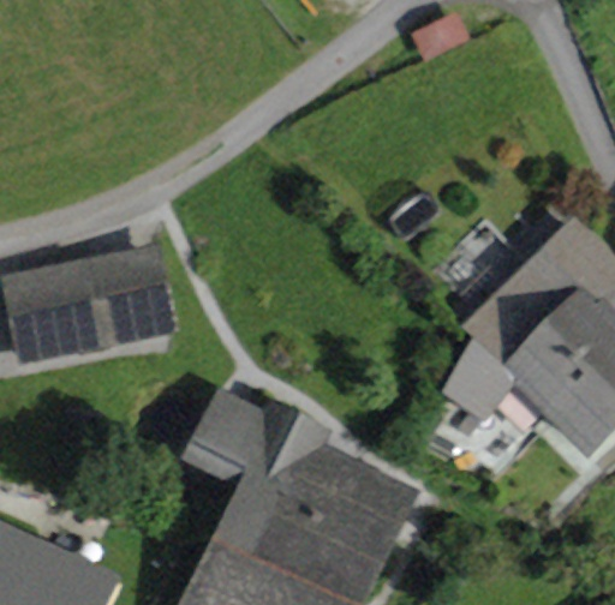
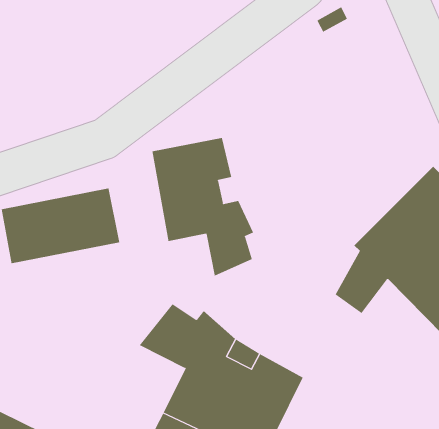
building: none -> [152,137,254,277]

